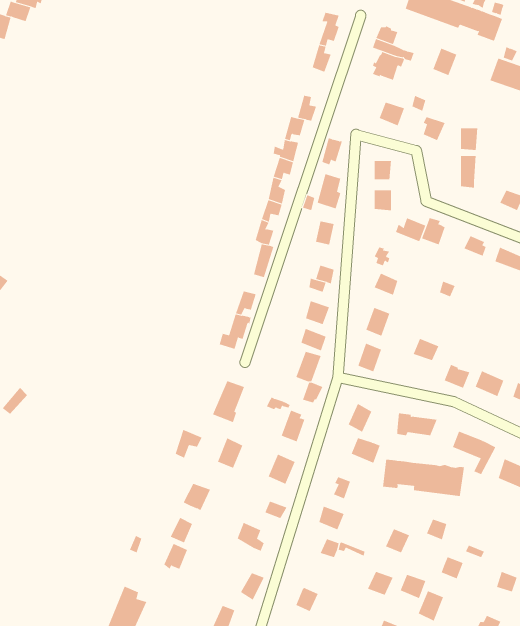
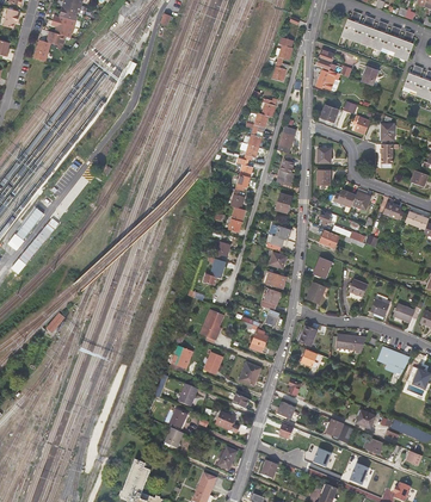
building: [382,459,464,497] -> none

